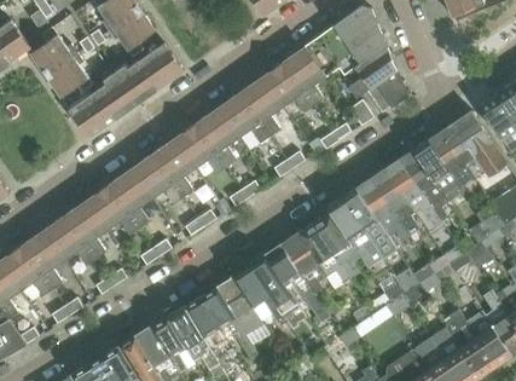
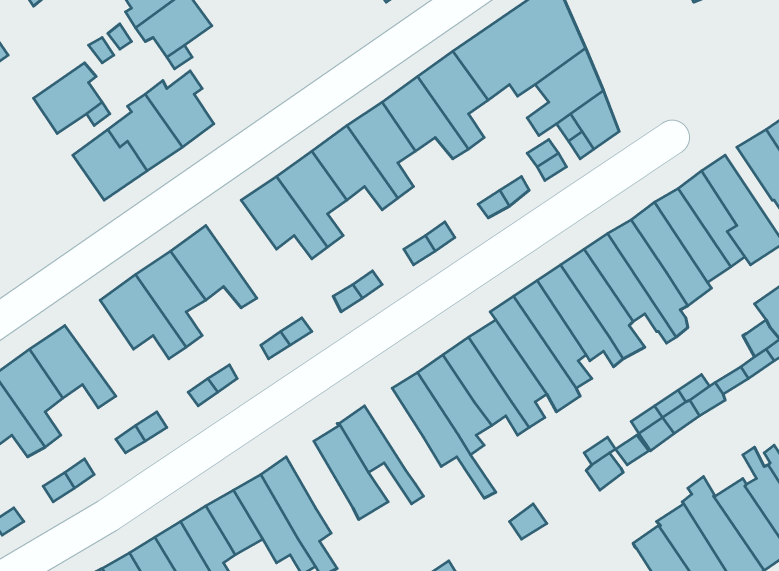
building: [29,27,76,75] -> none
building: [141,42,184,91] -> none
building: [151,138,195,198] -> none
building: [64,200,106,259] -> none
building: [249,254,296,313] -> none
building: [201,287,257,359] -> none

